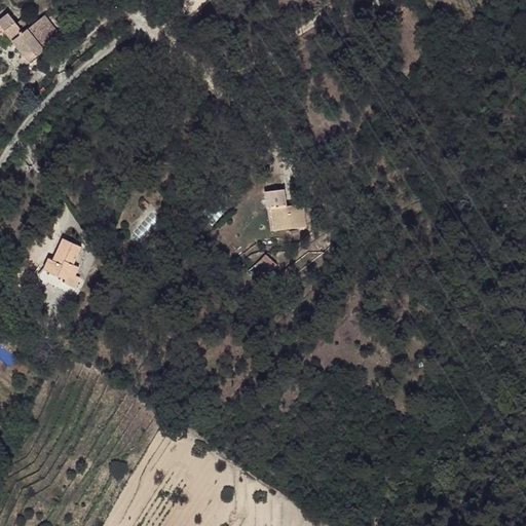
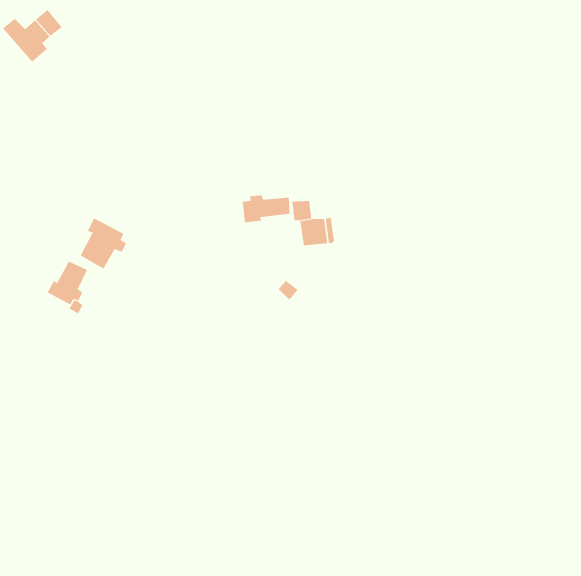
building: none -> [242,195,290,223]
building: none -> [80,218,127,269]

